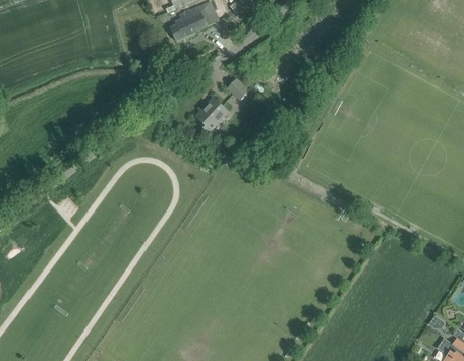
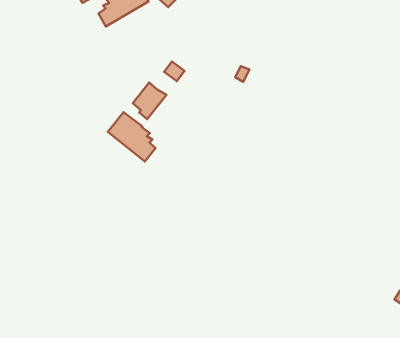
building: none -> [108,112,155,161]

